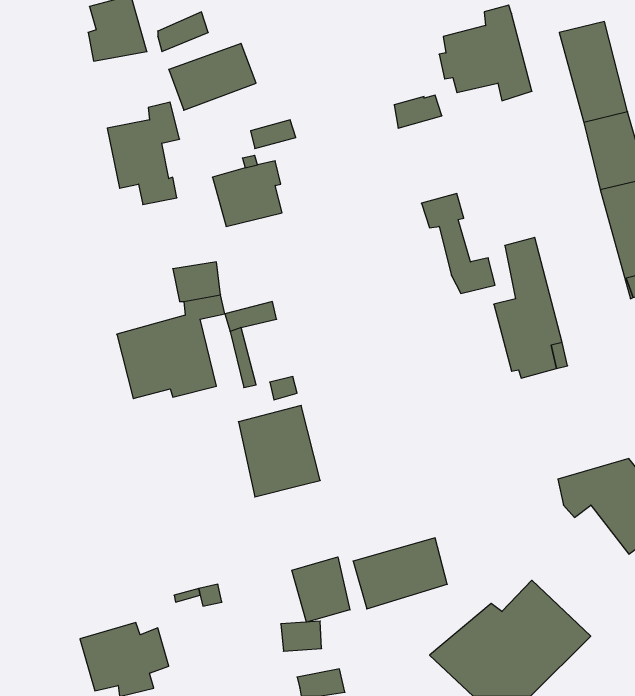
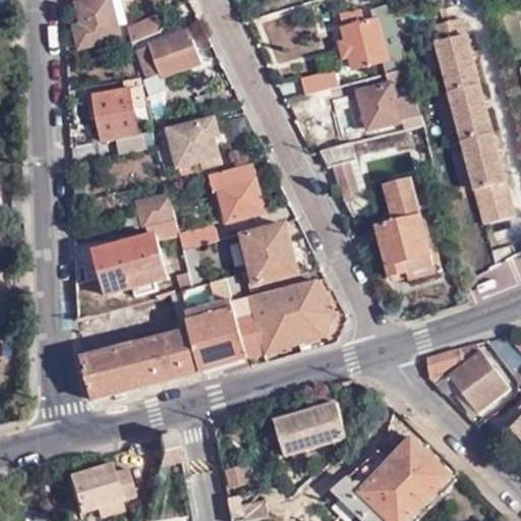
building: none -> [356,68,422,130]
building: none -> [213,168,265,221]
building: none -> [241,223,299,290]
building: none -> [233,280,334,358]
building: none -> [82,292,199,399]
building: [292,557,350,622] -> none

